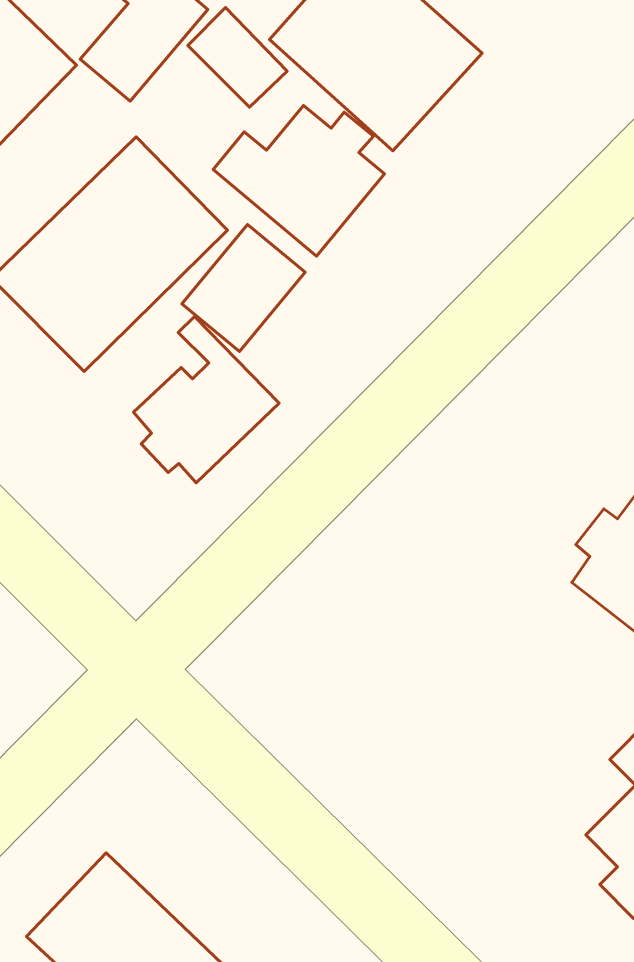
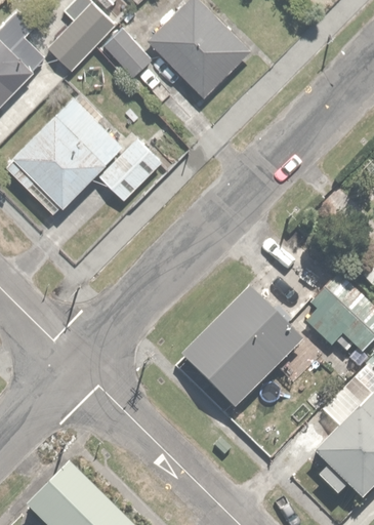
building: [213,106,385,256] -> none
building: [134,317,279,483] -> none
building: none -> [183,287,304,407]

